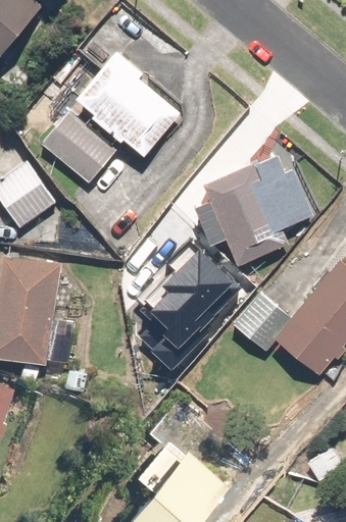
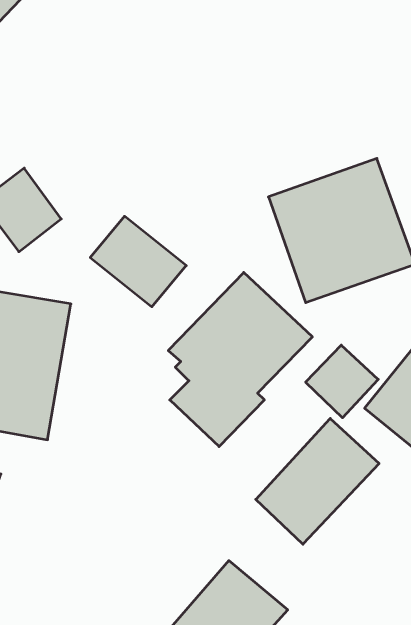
building: [79,58,181,157] -> none
building: [42,113,113,180] -> [90,216,186,307]
building: none -> [256,418,379,544]

